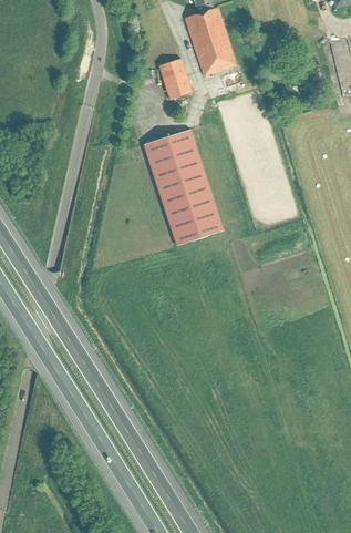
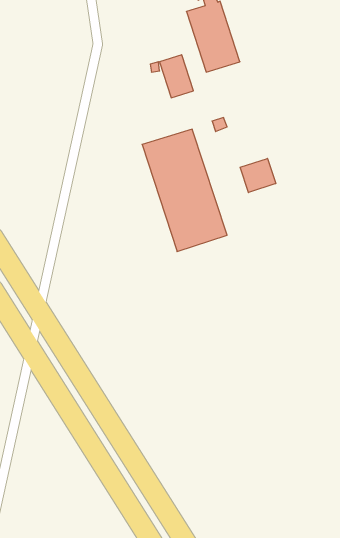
building: none -> [240,158,276,193]

